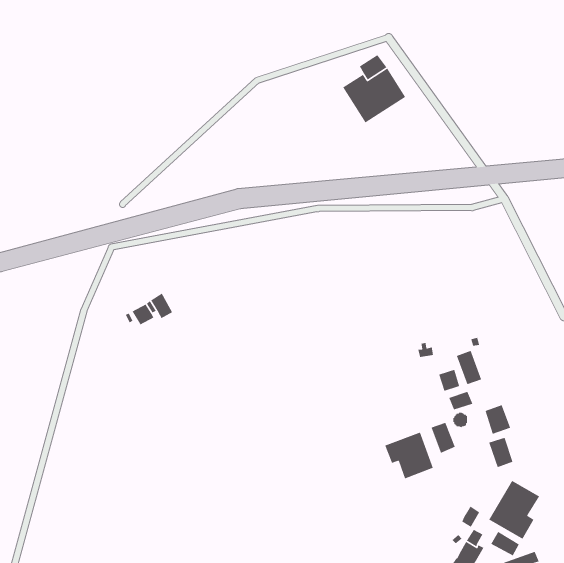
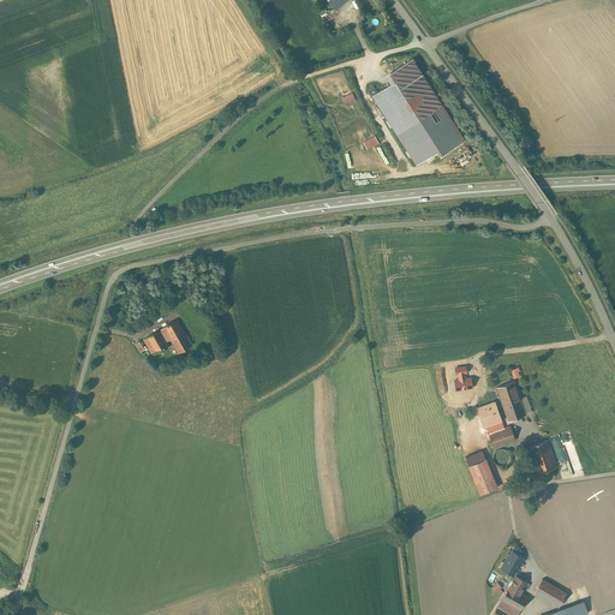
building: none -> [398,107,465,166]
building: [384,432,434,479] -> none
building: [488,437,514,468] -> none
building: [488,480,540,540] -> none

